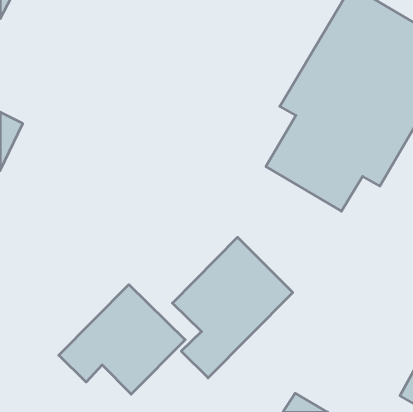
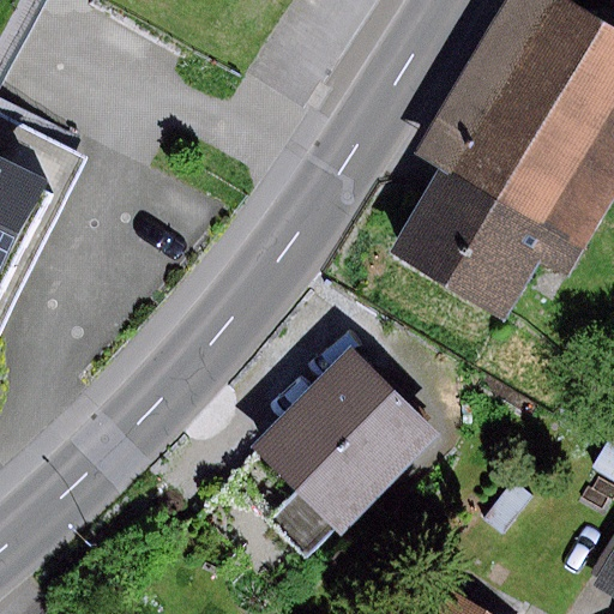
building: [59,285,185,394] -> none

